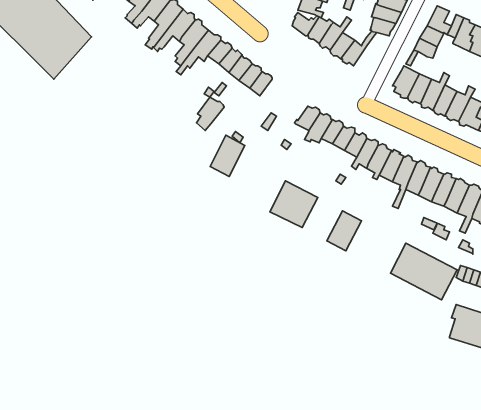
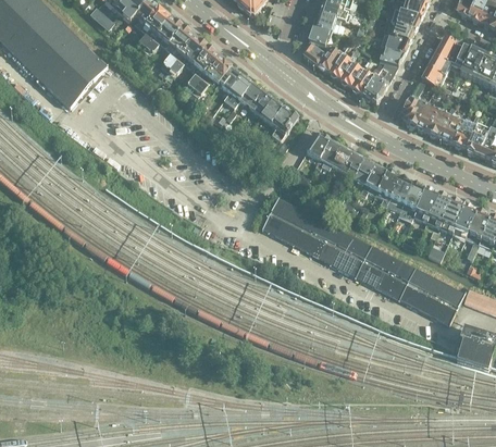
building: none -> [362,62,397,103]
building: [196,97,224,131] -> [270,108,297,140]
building: [210,135,245,177] -> [262,197,296,237]
building: none -> [312,223,351,265]
building: none -> [355,246,413,297]

